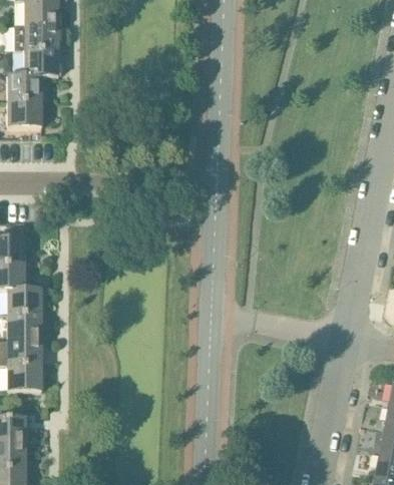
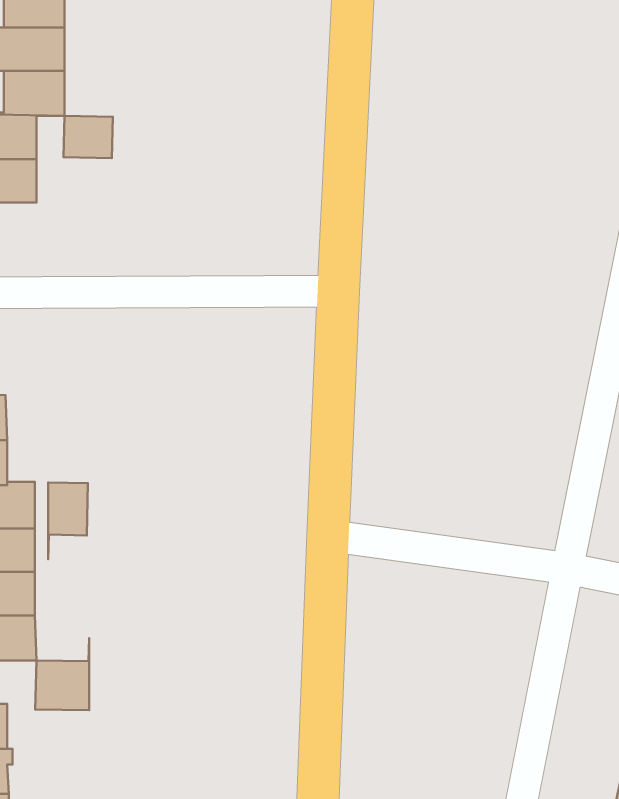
building: none -> [64,116,113,158]
building: none -> [48,483,88,559]
building: none -> [35,638,89,710]

